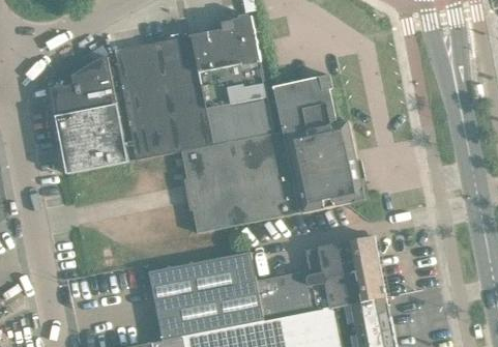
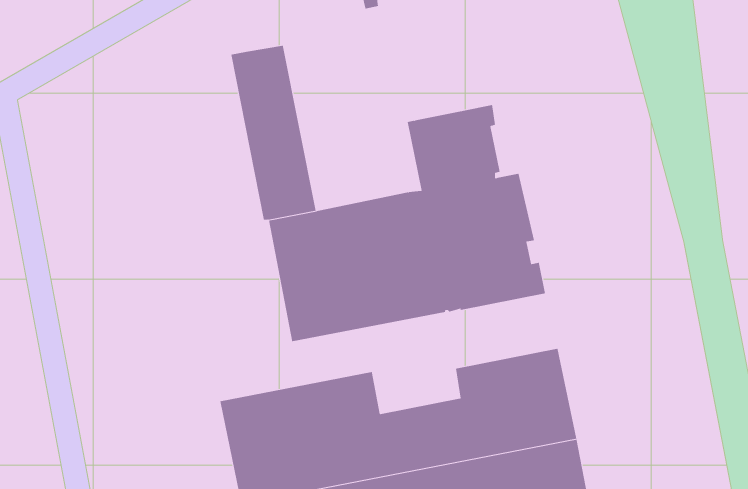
building: [189,17,272,146] -> none
building: [113,42,176,161] -> none
building: [49,57,126,174] -> none

